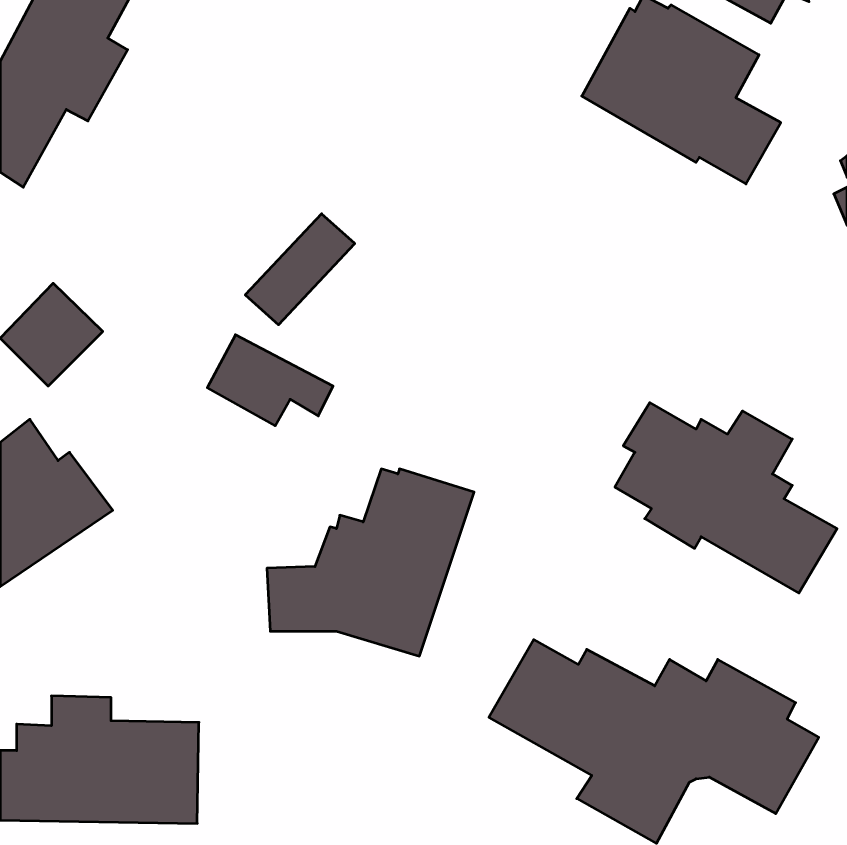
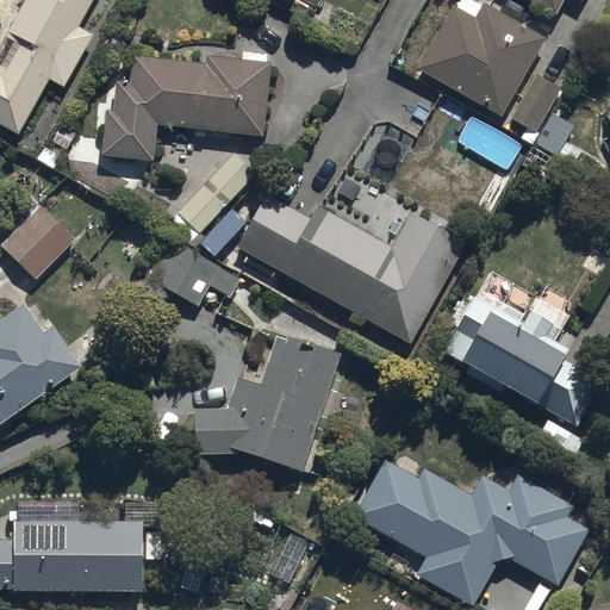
building: none -> [100,50,270,160]
building: none -> [236,193,466,344]

